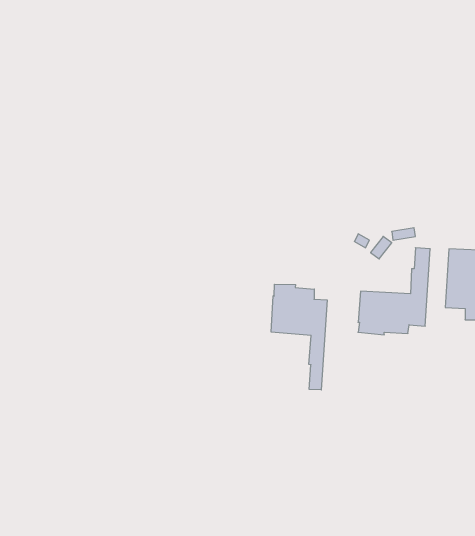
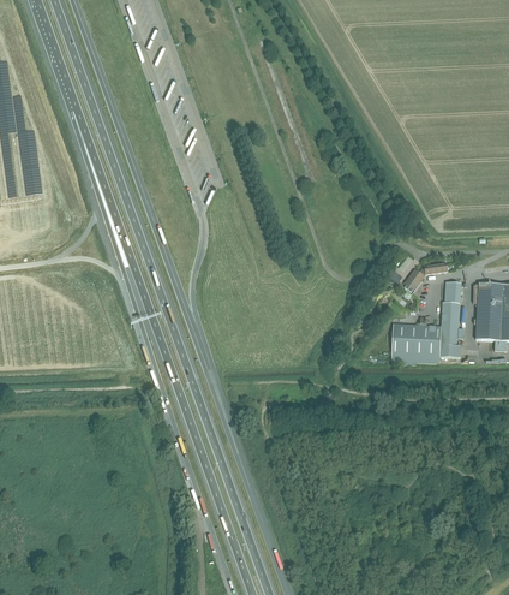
building: [271,284,327,390] -> none

